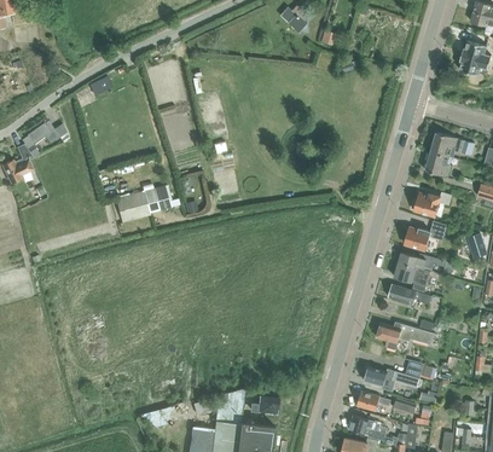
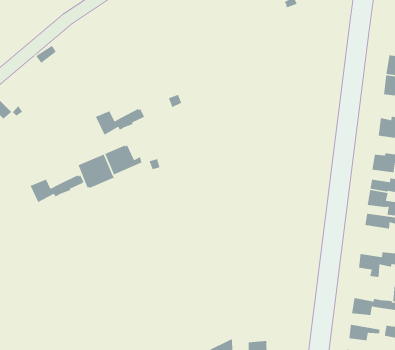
building: none -> [95,108,145,136]
building: none -> [30,174,85,203]

